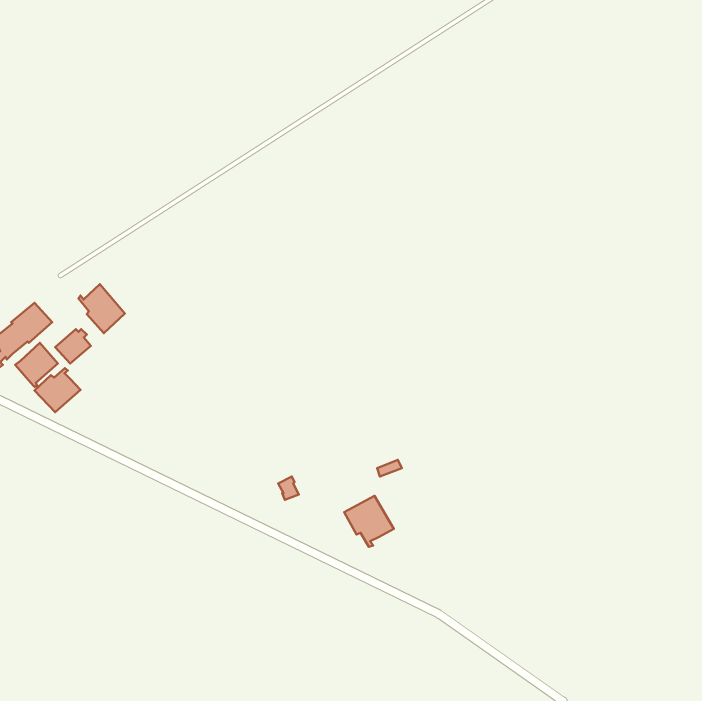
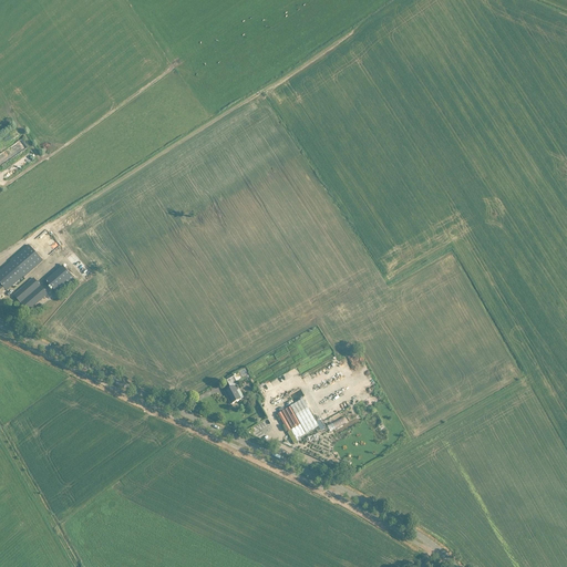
building: [78,284,125,333] -> none
building: [35,368,80,412] -> none

